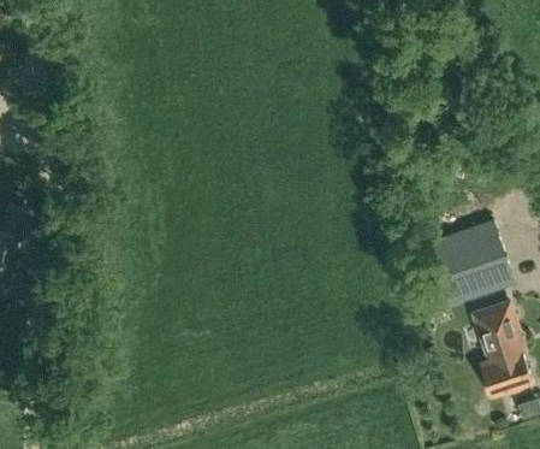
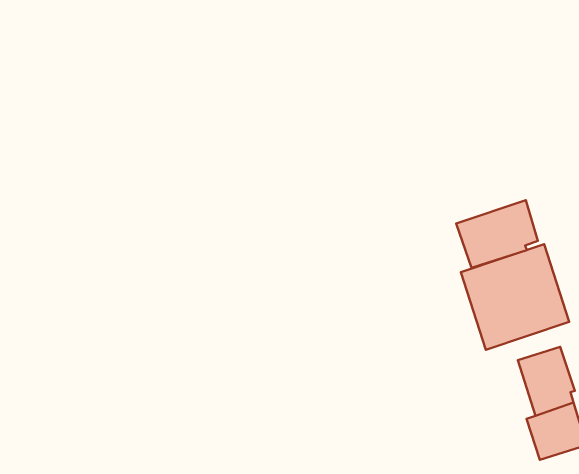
building: none -> [456,200,538,268]

